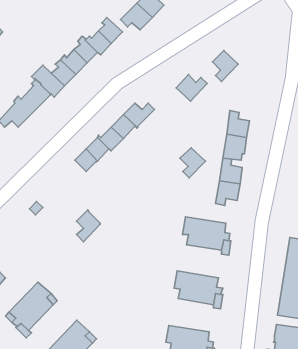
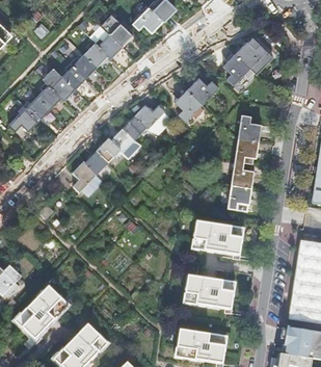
building: none -> [235,42,266,68]
building: [180,148,206,178] -> [176,91,202,122]
building: [76,210,100,242] -> [73,162,97,194]

